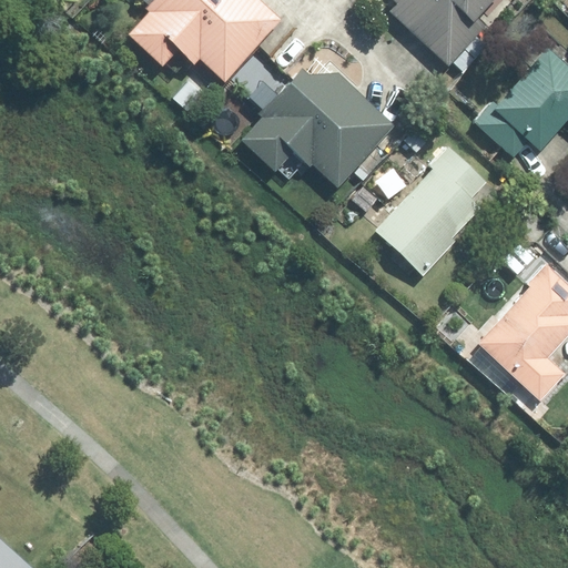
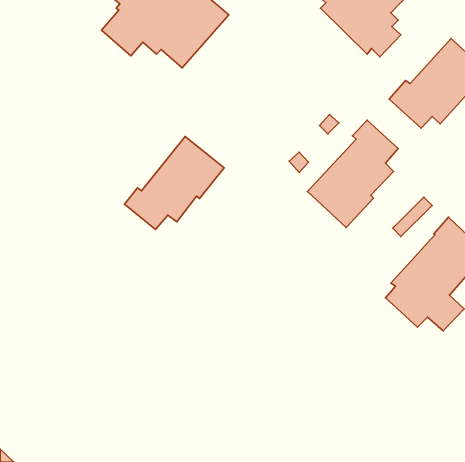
building: [241,69,396,187] -> none
building: none -> [124,136,224,230]

